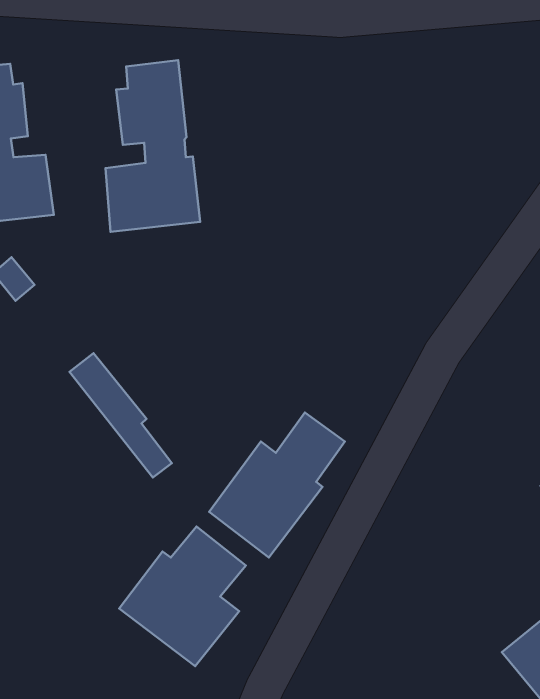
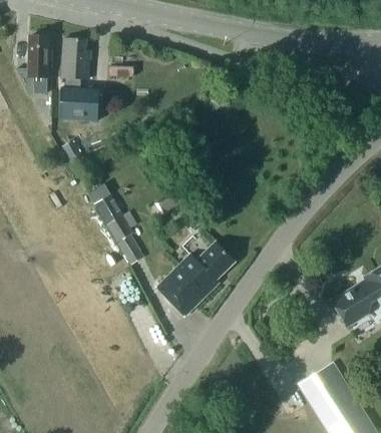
building: [106,60,200,232] -> none
building: [119,527,246,666] -> none

